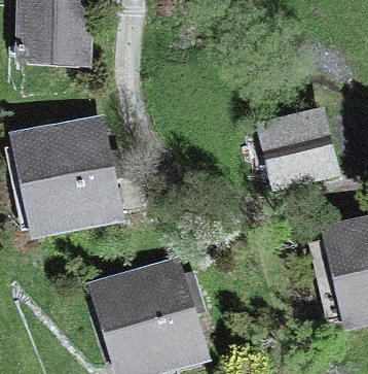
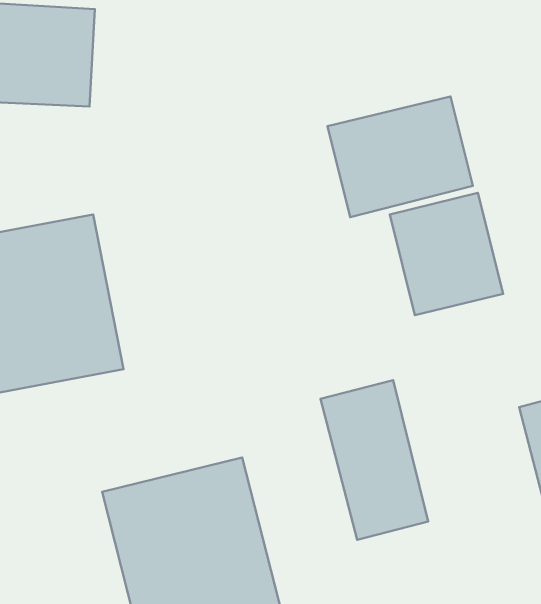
building: none -> [327,96,473,217]
building: none -> [321,380,428,540]

